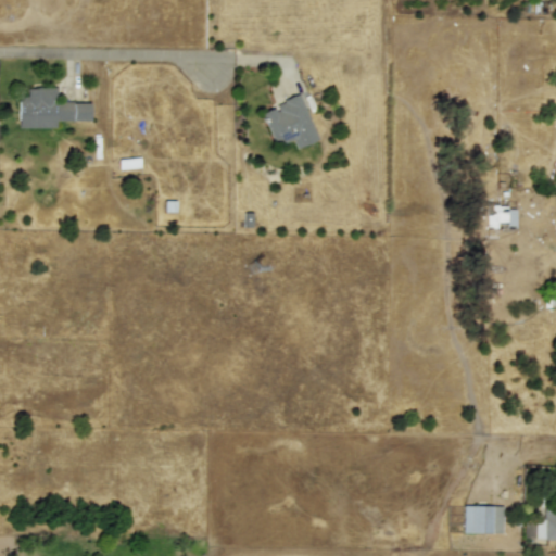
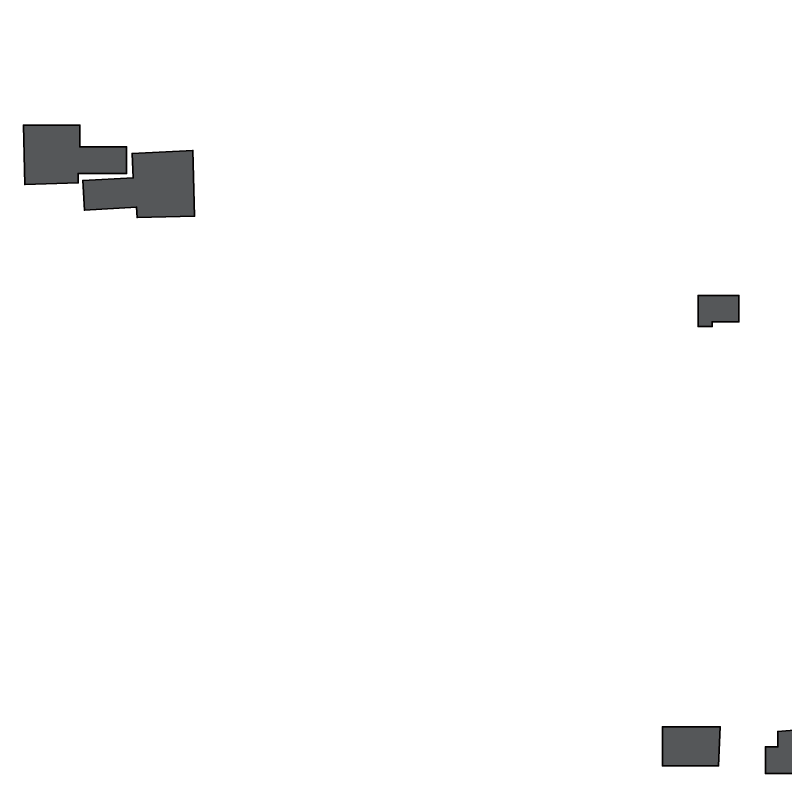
building: [264,94,320,149] -> none
building: none -> [83,150,194,218]

